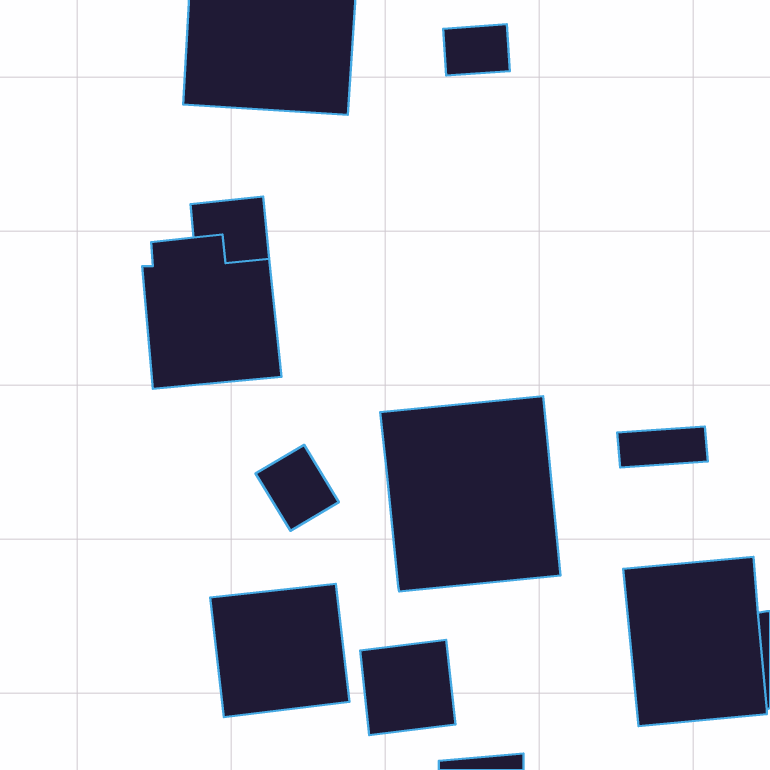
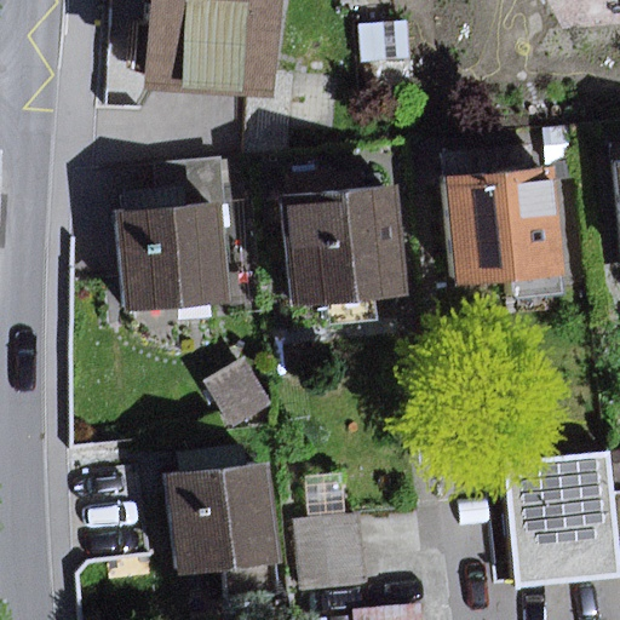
building: none -> [448,170,564,300]
building: none -> [283,186,409,325]
building: [380,396,560,592] -> none

